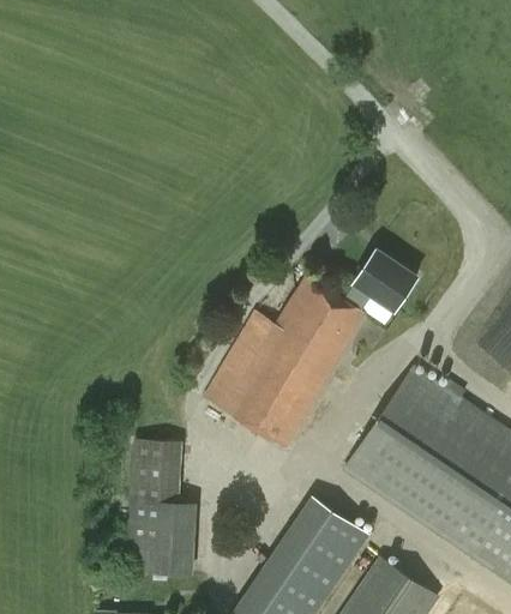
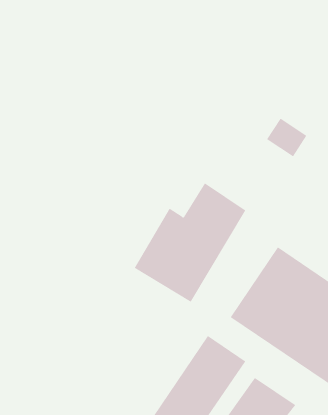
building: [356,252,416,309] -> [266,118,307,157]
building: [132,438,196,573] -> none

